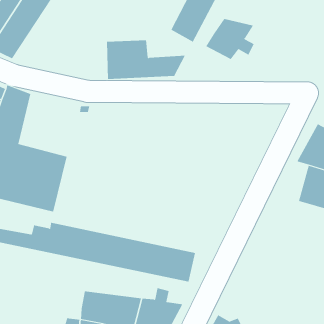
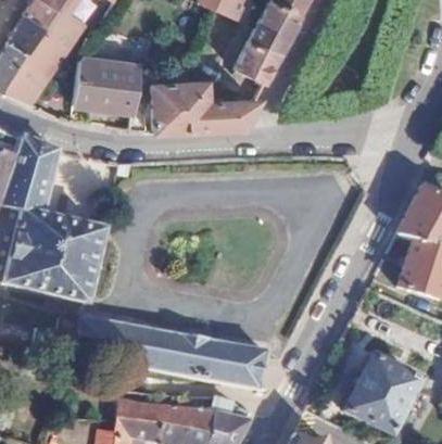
building: [206,18,254,60] -> none
building: none -> [73,59,138,110]
building: none -> [346,356,420,433]

